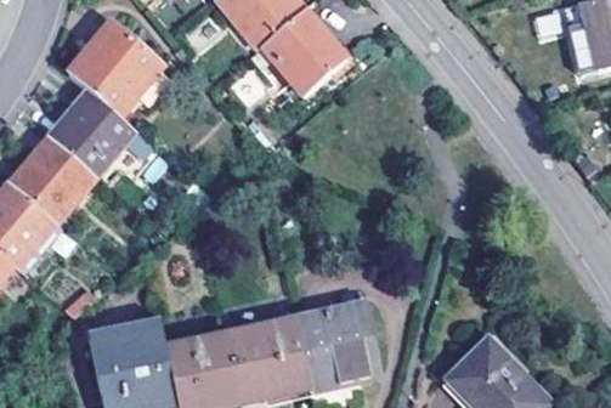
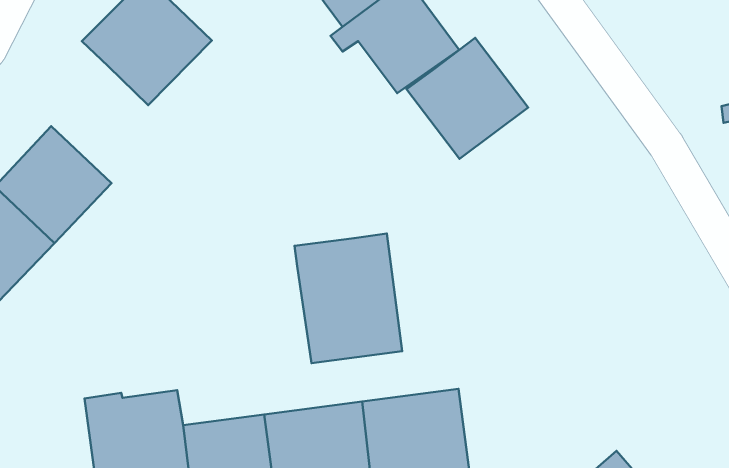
building: none -> [406,38,528,159]
building: [50,86,137,172] -> none
building: none -> [295,233,402,363]

